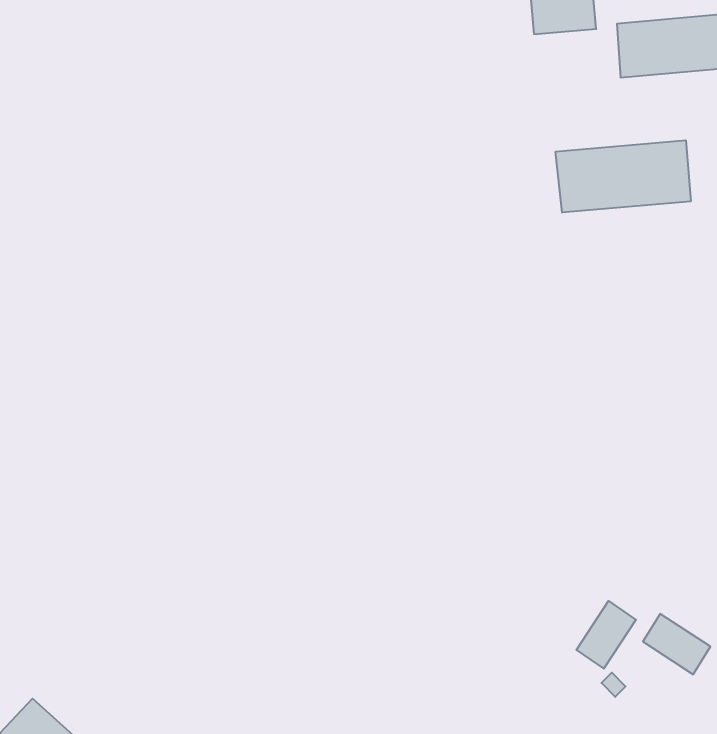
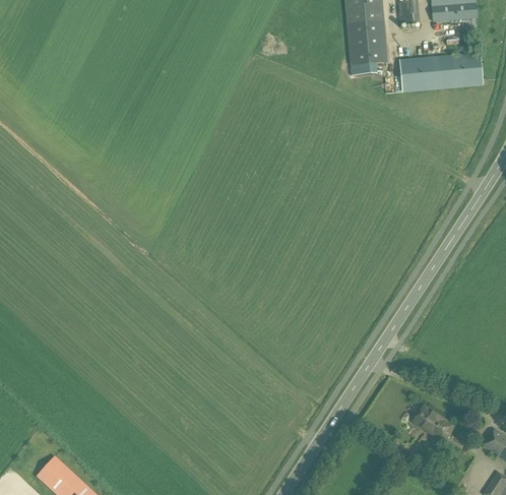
building: [556,140,691,213] -> none
building: [576,601,636,669] -> none

